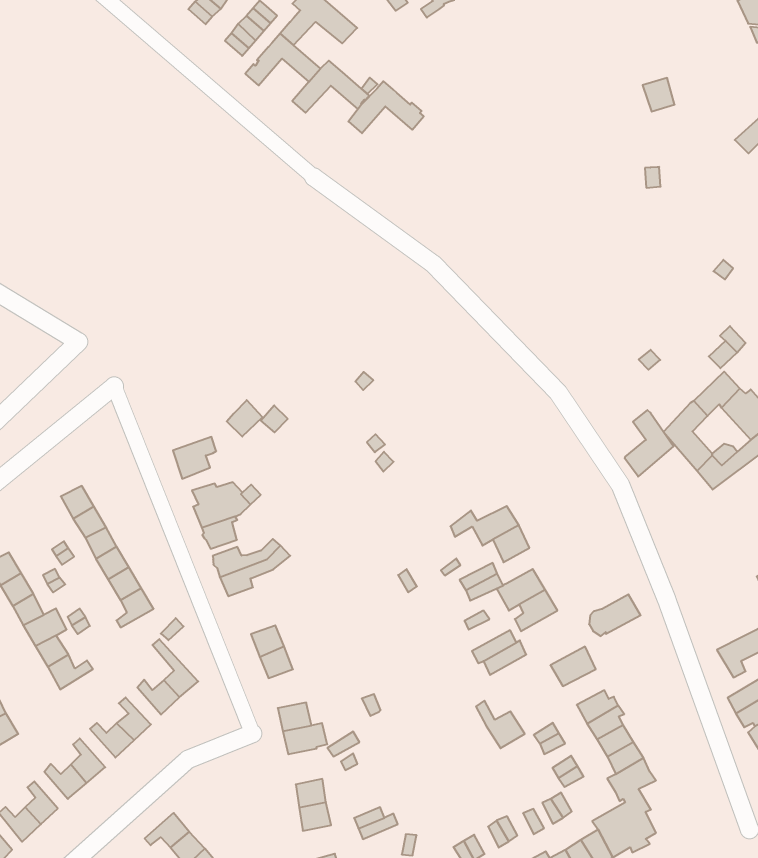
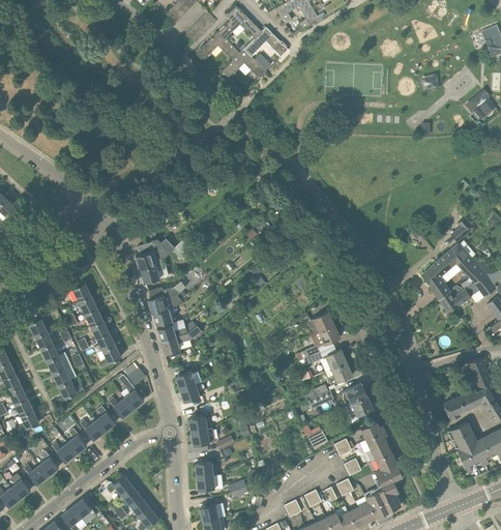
building: [348,81,424,133] -> [244,27,288,56]
building: none -> [136,240,169,266]
building: [625,410,674,477] -> none
building: [589,594,641,636] -> [337,383,367,406]

